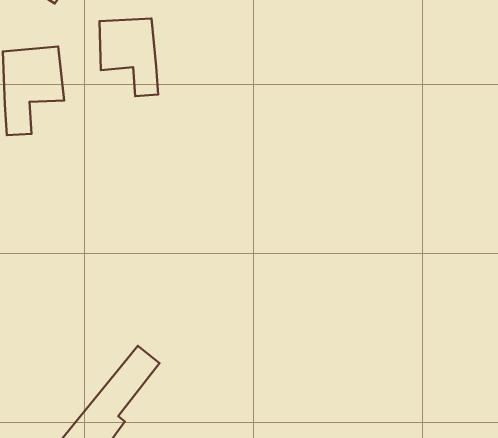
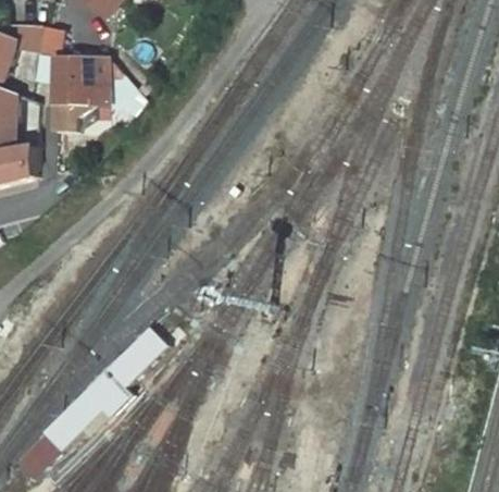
building: [100,18,158,96] -> none

